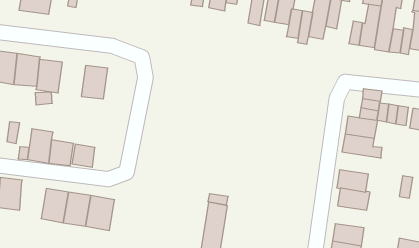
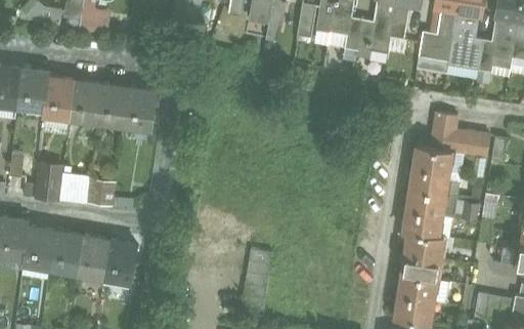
building: none -> [71,81,103,122]
building: none -> [125,88,158,129]
building: none -> [407,189,456,216]
building: none -> [24,228,56,269]
building: none -> [402,253,440,280]

